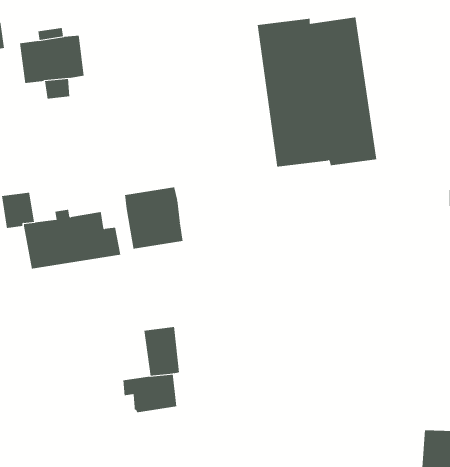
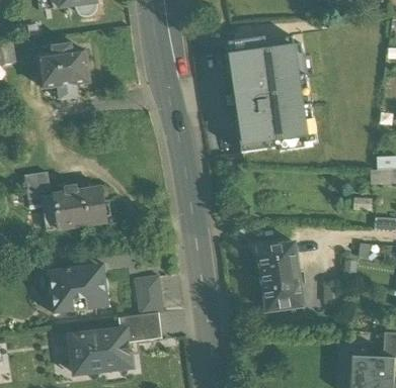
building: [125,186,183,250] -> none
building: none -> [257,243,303,311]
building: none -> [48,267,108,312]
building: none -> [69,327,131,373]

